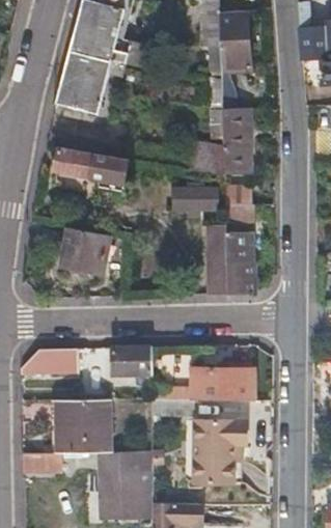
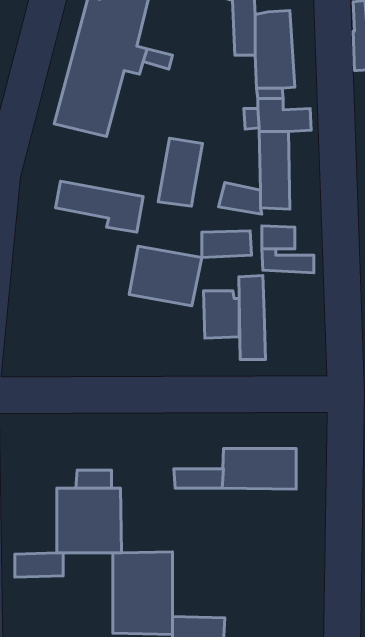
building: none -> [158,138,203,206]
building: [50,226,109,275] -> [129,246,202,306]
building: [227,256,256,295] -> [203,291,239,338]
building: [112,346,151,373] -> none
building: [22,348,105,374] -> none
building: [193,421,241,483] -> none

